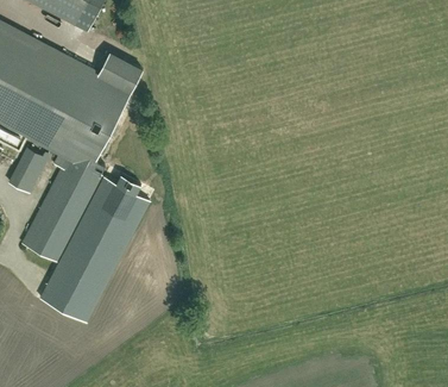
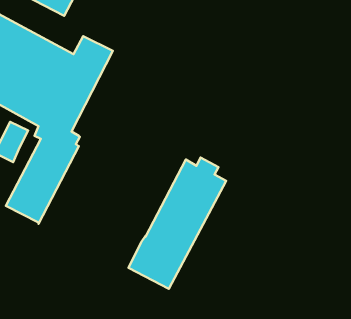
building: [39,175,149,323] -> [129,157,226,289]

